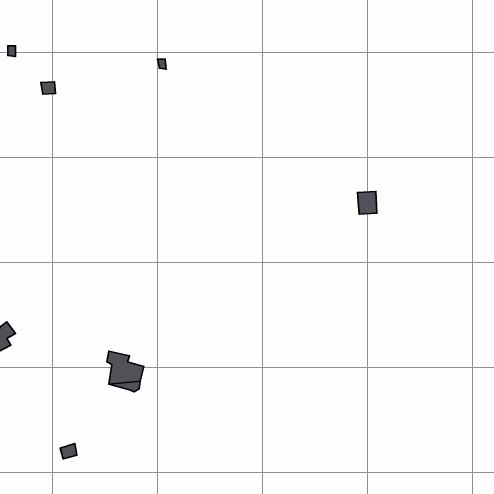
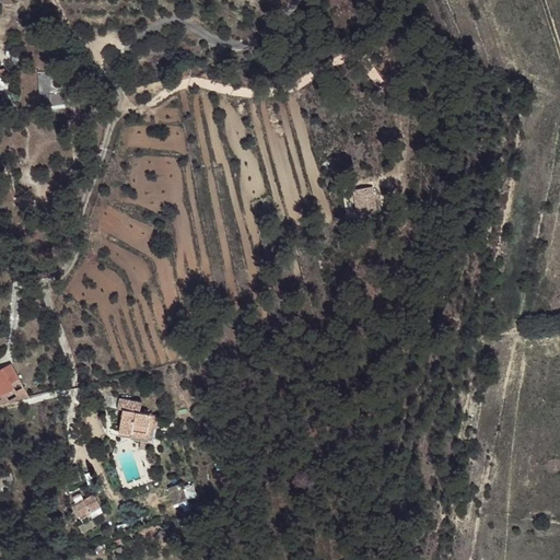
building: [357,192,377,214] -> [350,187,372,212]

